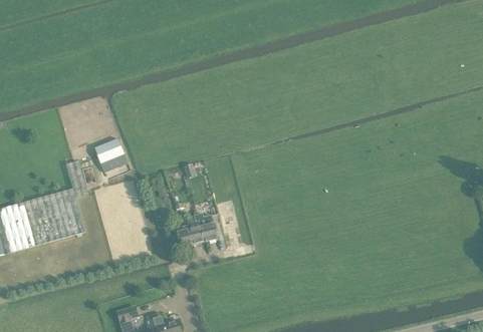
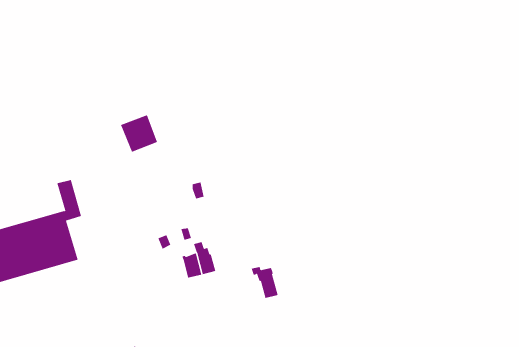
building: [93,138,127,172] -> [120,115,158,152]
building: [193,213,217,241] -> [251,266,278,298]

